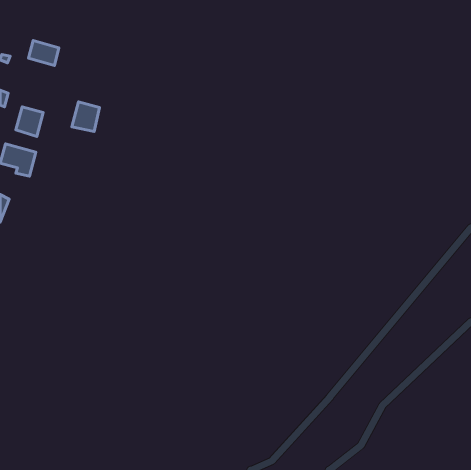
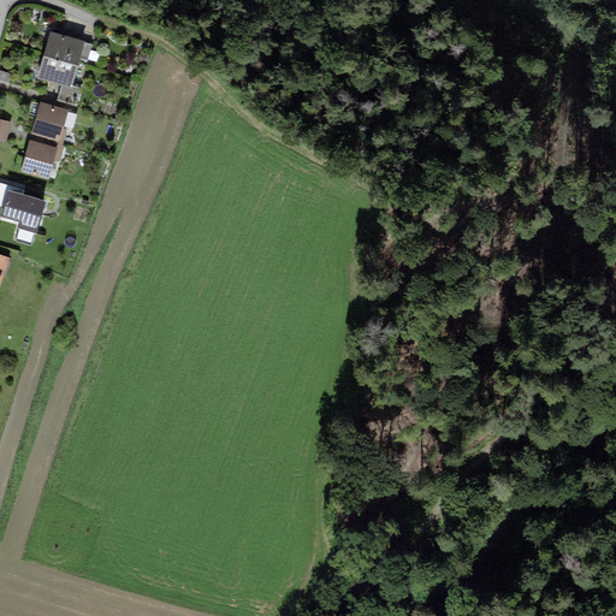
building: none -> [43,31,83,63]
building: [72,102,100,131] -> [31,102,67,141]

